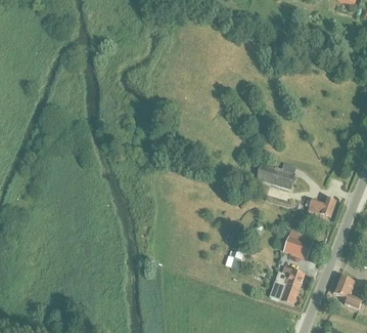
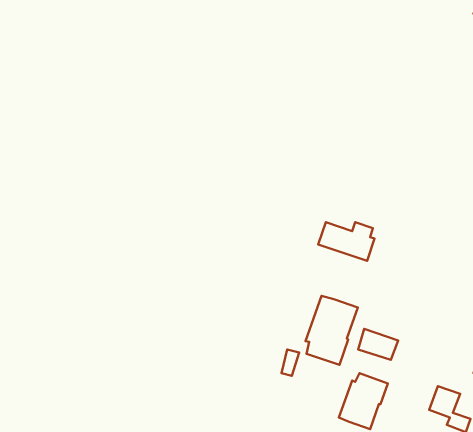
building: [306,196,335,217] -> none
building: none -> [306,296,358,365]

